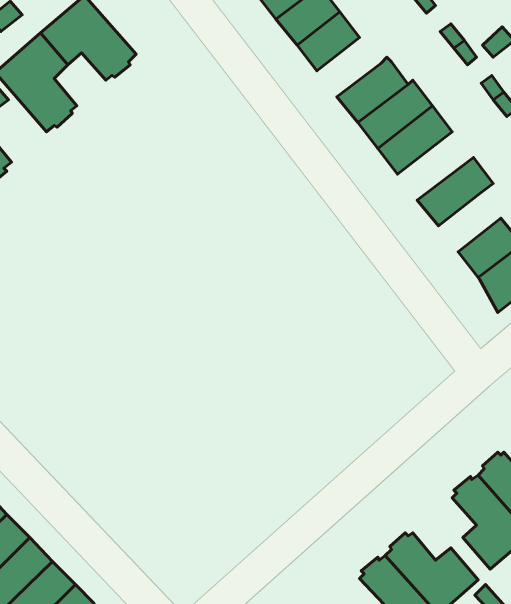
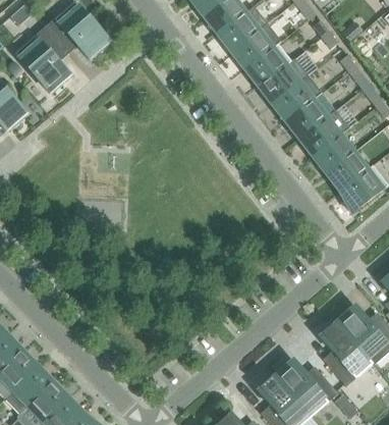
building: none -> [230,21,280,68]
building: none -> [284,98,327,138]
building: none -> [312,132,353,172]

